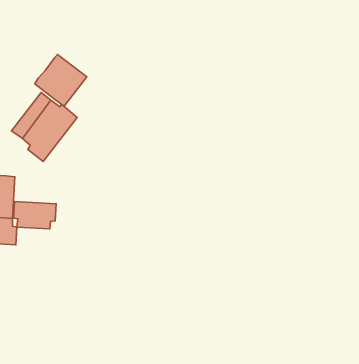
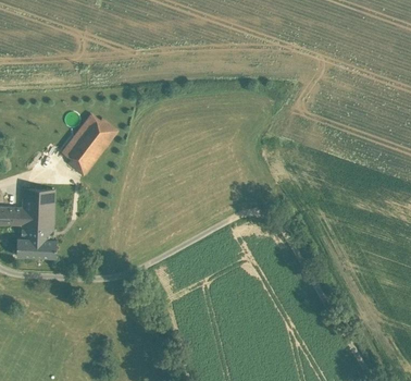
building: [35,55,87,106] -> none
building: [13,201,56,229] -> none

